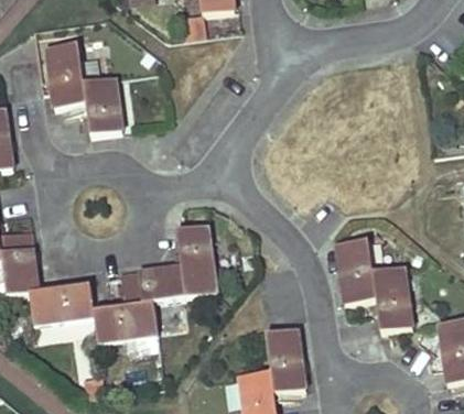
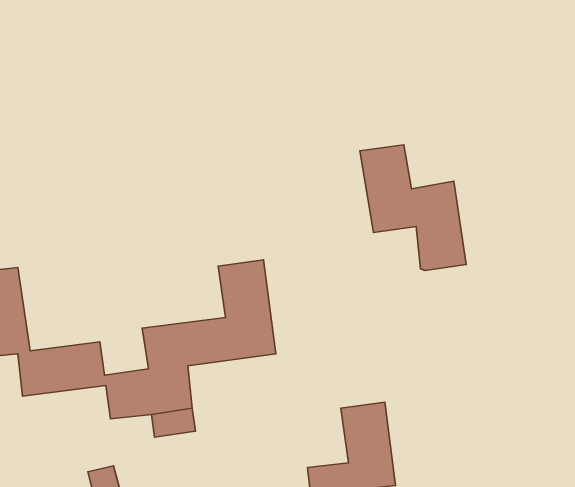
building: [46,42,120,132] -> none
building: [335,238,412,329] -> [360,145,466,270]

